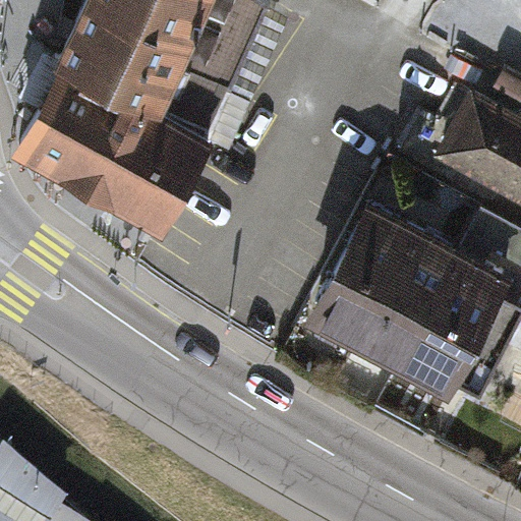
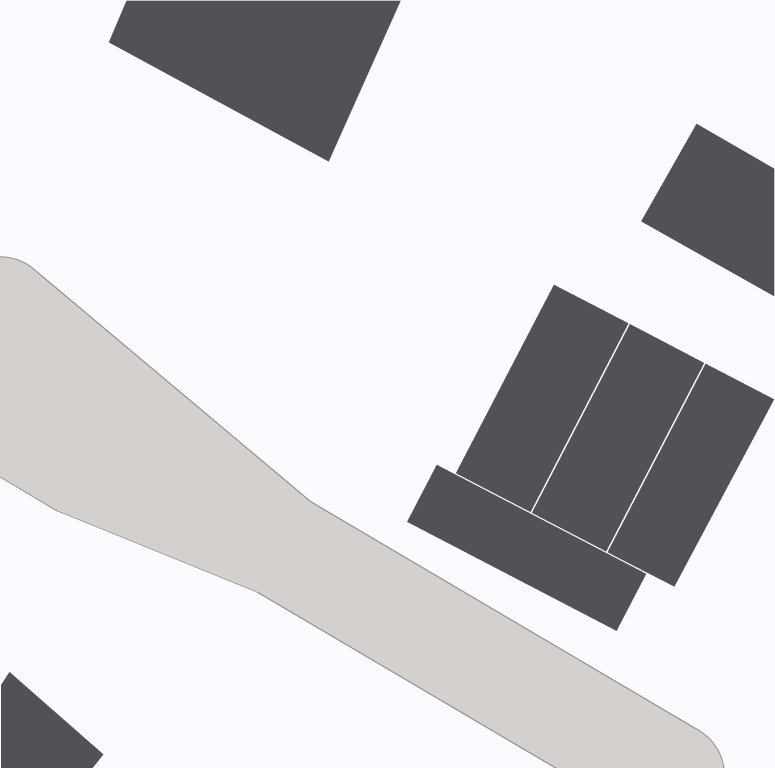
building: [21,34,221,223] -> none
building: none -> [406,464,647,632]

